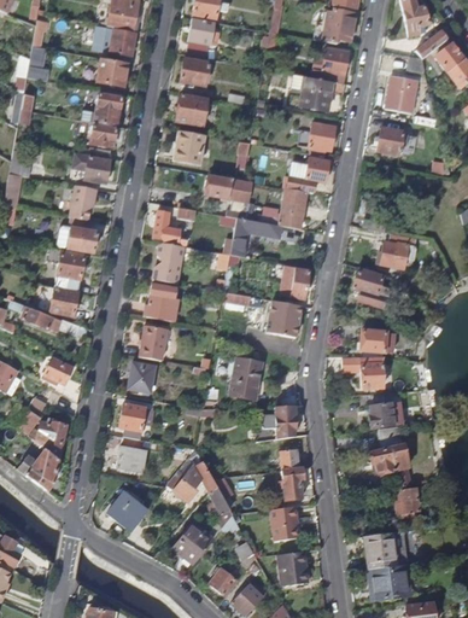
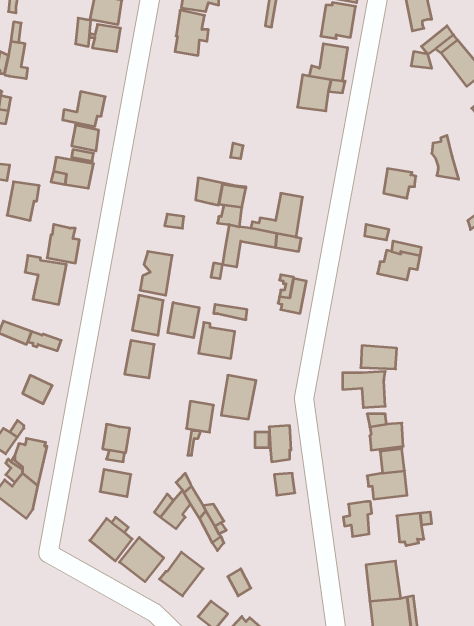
building: [98,57,128,86] -> none
building: [183,58,212,86] -> none
building: [387,75,417,109] -> none
building: [176,93,207,124] -> none
building: [309,122,338,150] -> none
building: [378,127,408,154] -> [384,169,416,198]
building: [171,129,205,163] -> none
building: [287,157,329,192] -> none
building: [68,183,98,220] -> [7,182,39,220]
building: [153,210,187,244] -> none
building: [352,268,396,307] -> none
building: [41,285,78,315] -> none
building: none -> [168,302,199,338]
building: [267,303,300,337] -> [199,322,235,358]
building: [129,362,154,391] -> [186,401,214,432]
building: [277,467,304,500] -> [343,502,372,536]
building: [270,506,298,541] -> none
building: none -> [119,537,164,582]
building: [279,550,309,585] -> none

